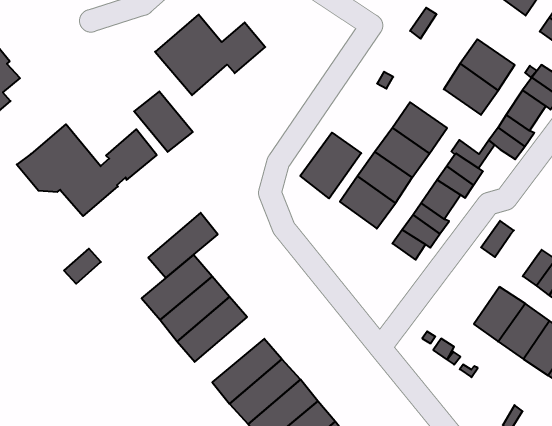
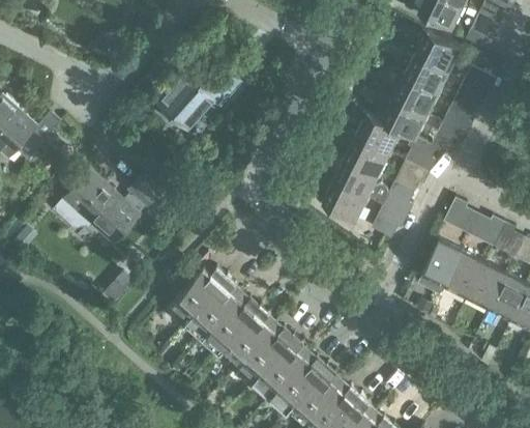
building: none -> [416,30,462,69]
building: none -> [369,97,428,136]
building: [134,91,193,152] -> none
building: [300,133,361,198] -> none
building: [148,213,218,278] -> [224,306,277,363]
building: none -> [455,207,491,240]
building: none -> [418,240,463,295]

